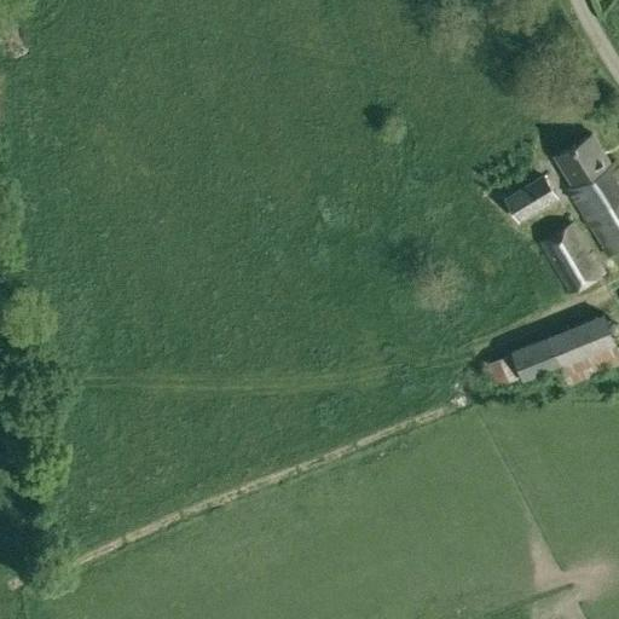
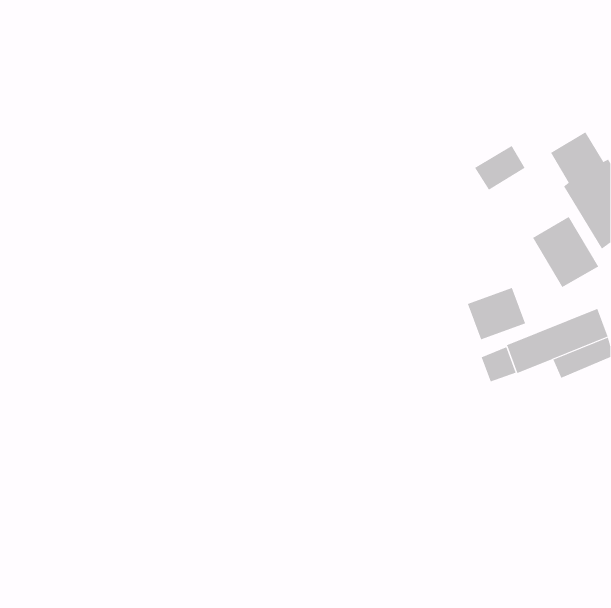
building: [505,175,557,221] -> [474,145,525,191]
building: none -> [467,287,526,340]

